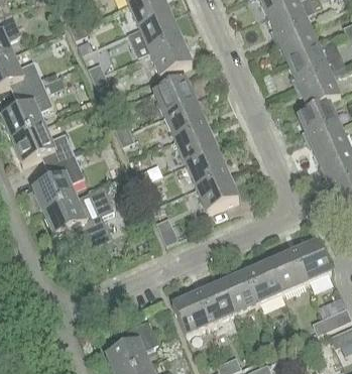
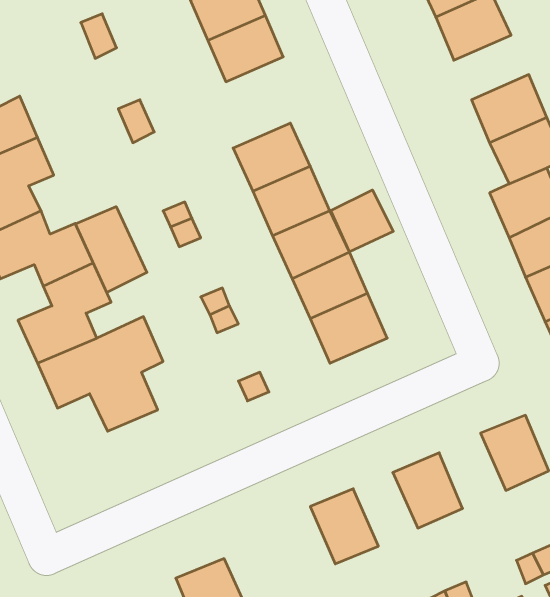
building: [276,24,319,60] -> none
building: [148,36,191,75] -> none
building: none -> [331,190,393,252]
building: none -> [76,207,147,293]
building: [268,248,306,290] -> none
building: [220,270,256,311] -> none
building: [171,289,210,333] -> none

